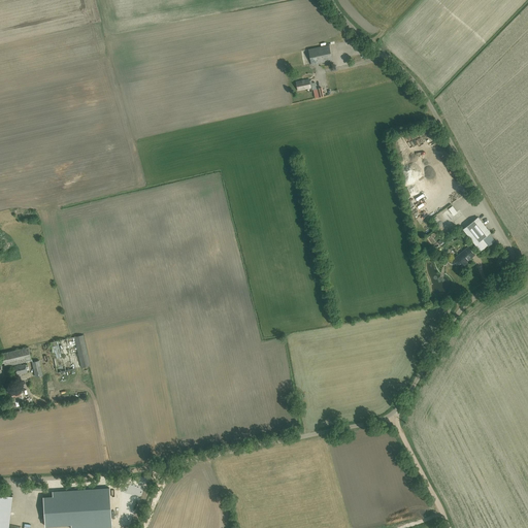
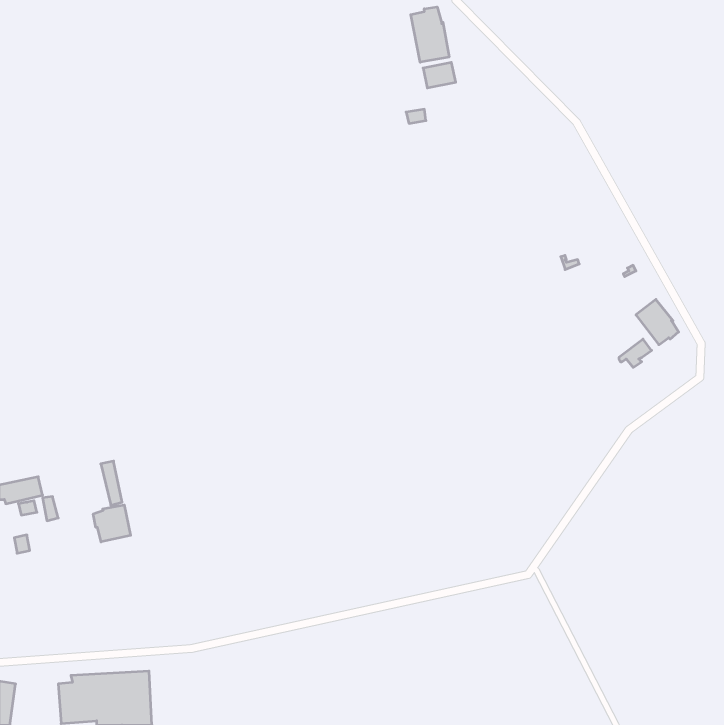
building: none -> [411,7,449,62]
building: none -> [93,505,131,542]

